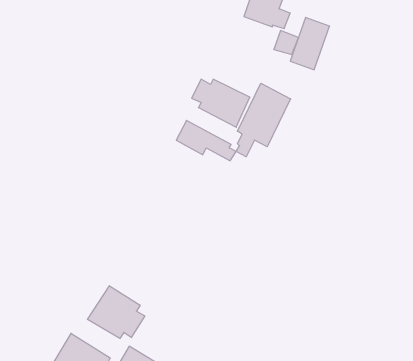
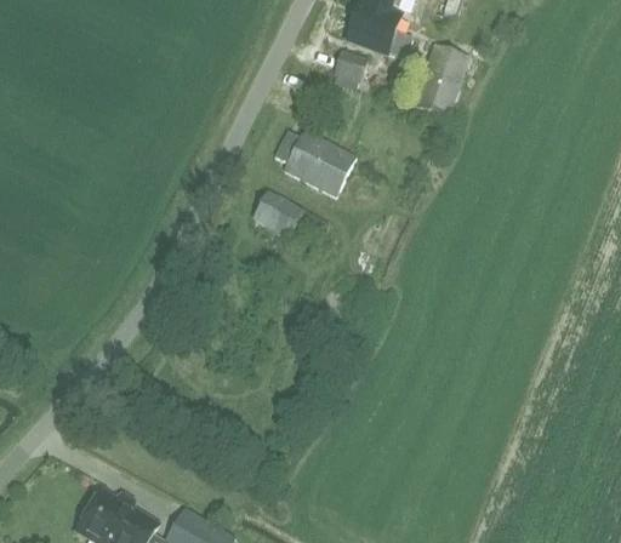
building: [274,31,299,55] -> [334,50,369,84]
building: [236,83,291,157] -> none
building: [87,286,145,338] -> none

